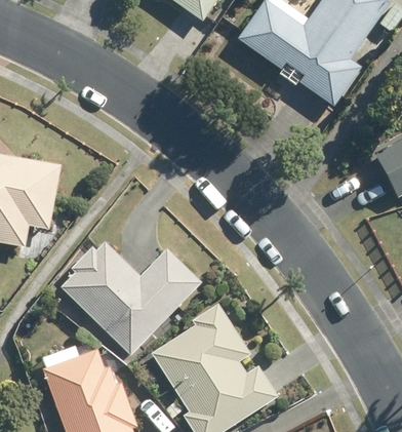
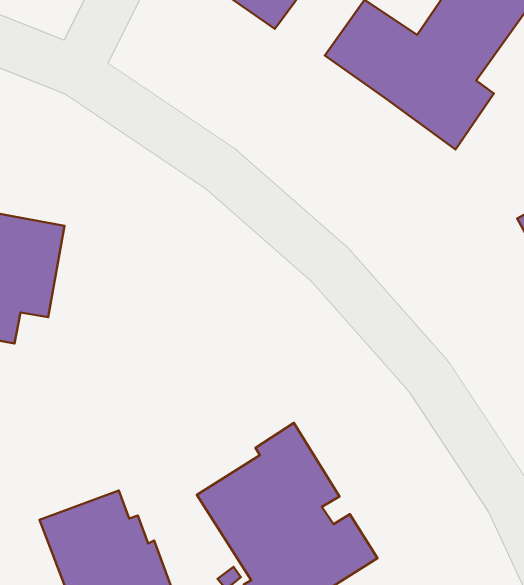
building: [59,240,200,352] -> none

